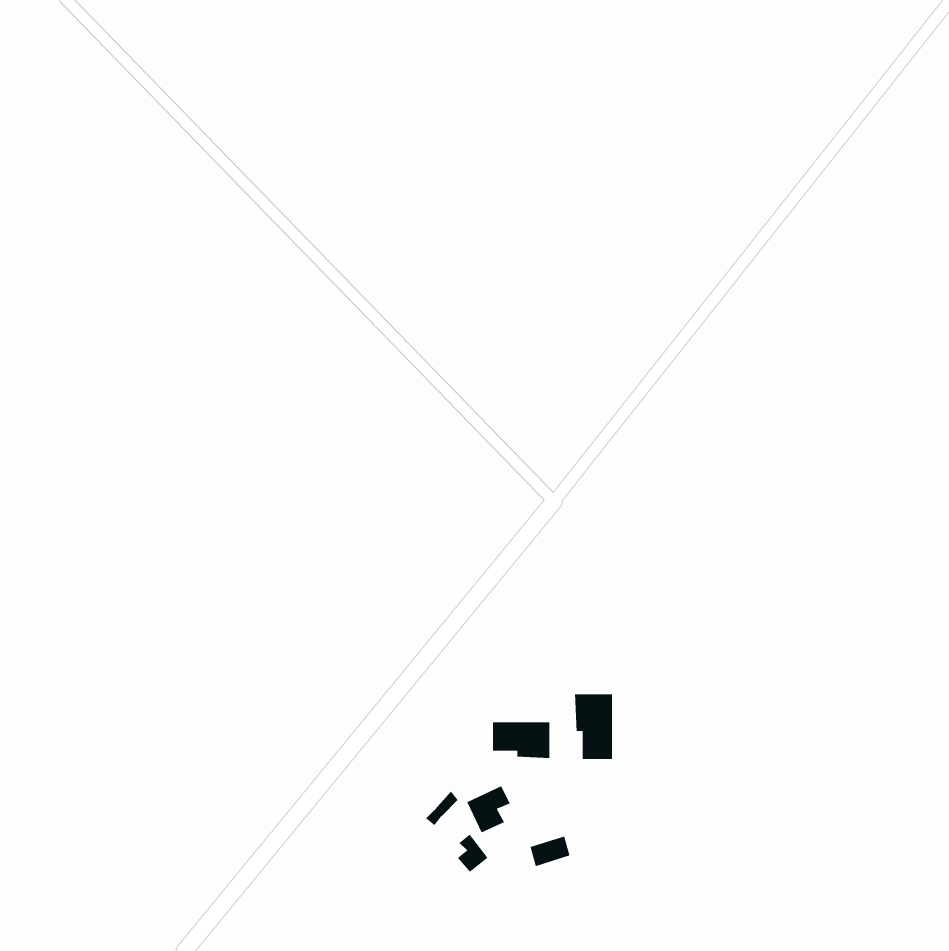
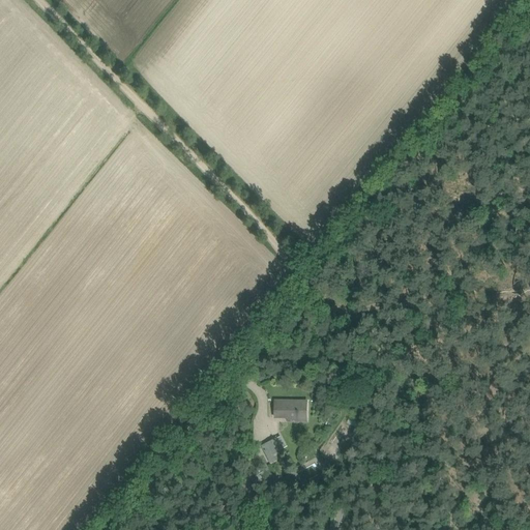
building: [574,694,613,760] -> none

